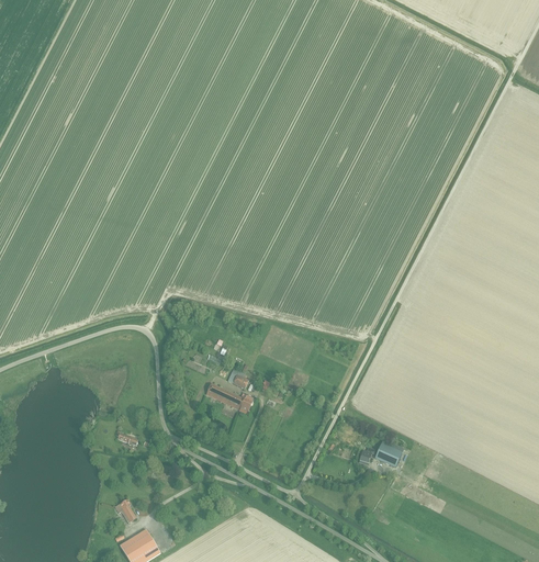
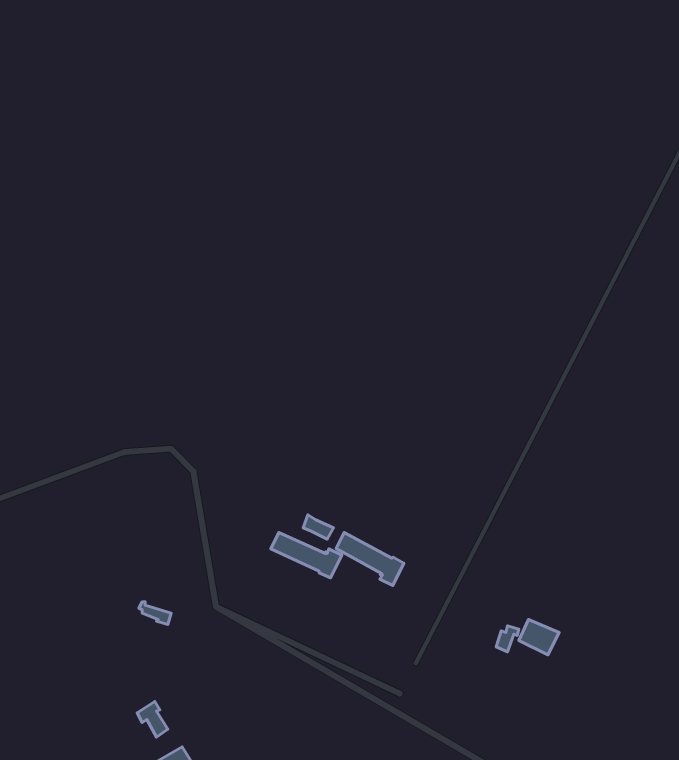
building: none -> [336,533,404,586]

